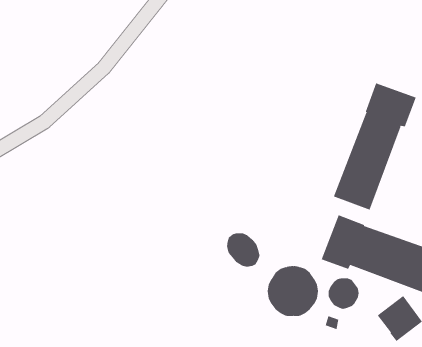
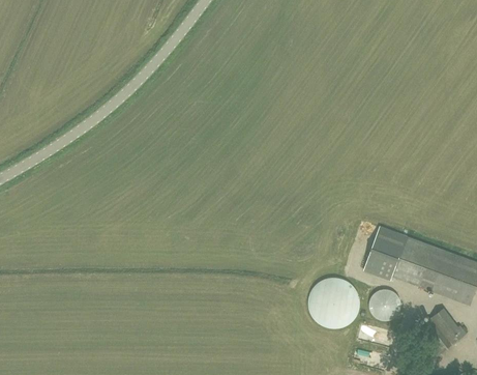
building: [333,83,416,210] -> none
building: [227,232,260,267] -> none

